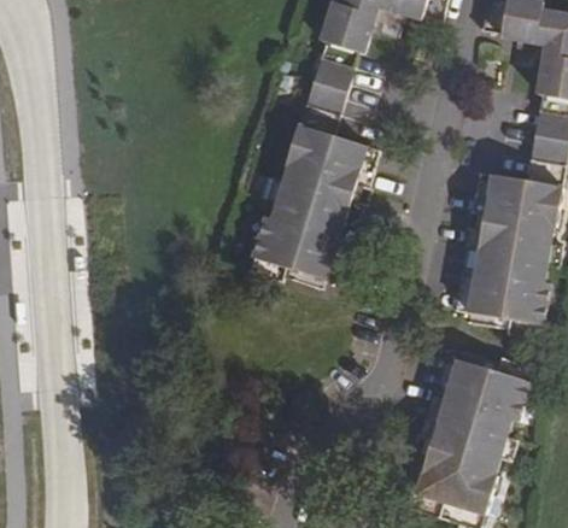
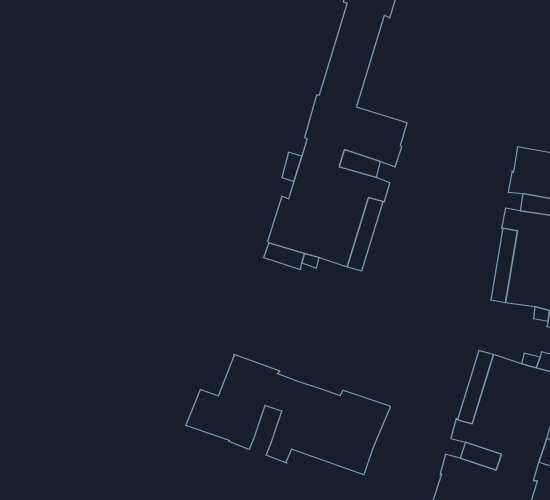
building: none -> [186,354,390,475]

